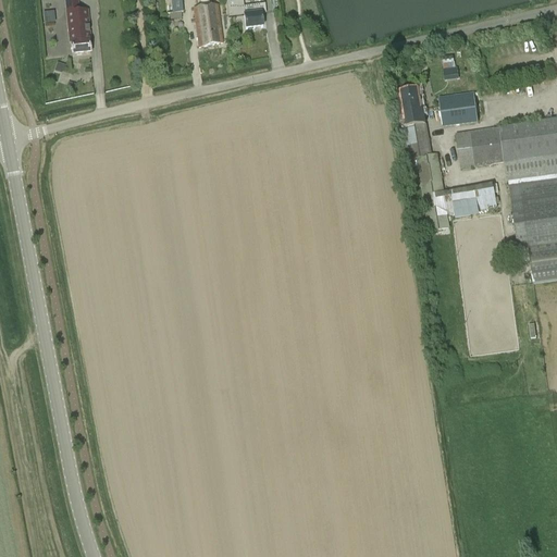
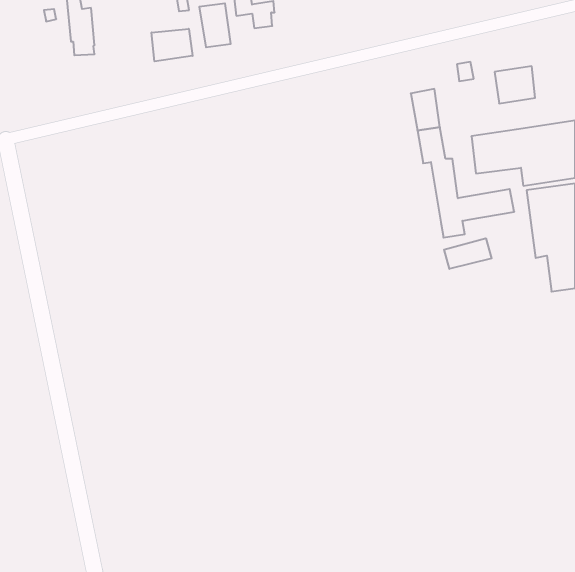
building: none -> [152,29,193,61]
building: [438,90,478,126] -> [495,66,535,103]
building: none -> [444,238,492,269]

